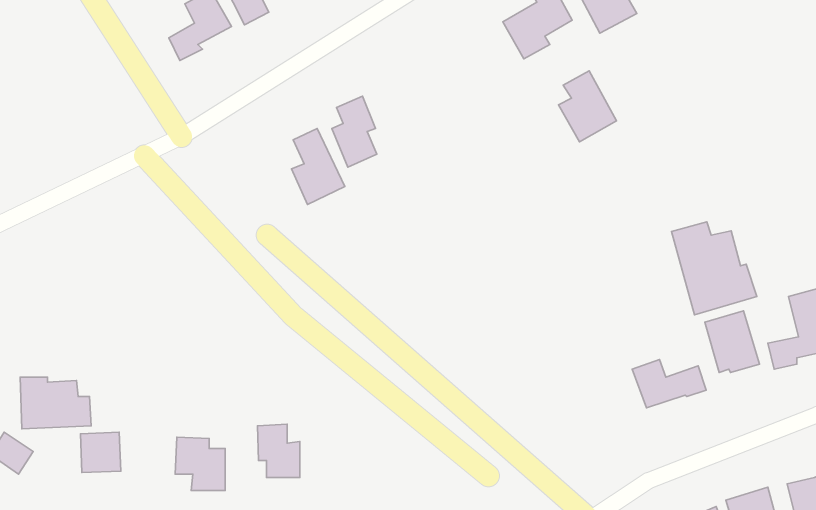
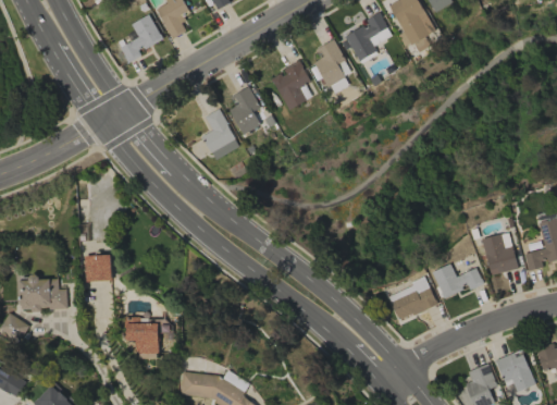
building: none -> [271,60,311,109]
building: [558,71,617,142] -> [312,38,351,86]
building: [672,222,757,315] -> none
building: none -> [387,279,436,320]
building: [257,424,300,478] -> none
building: [80,432,121,473] -> [84,254,111,281]

